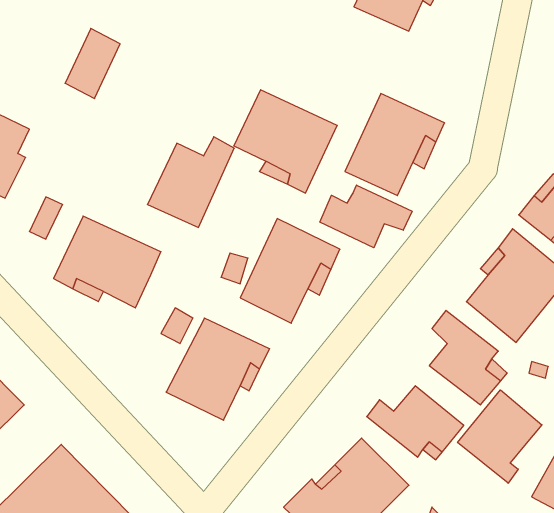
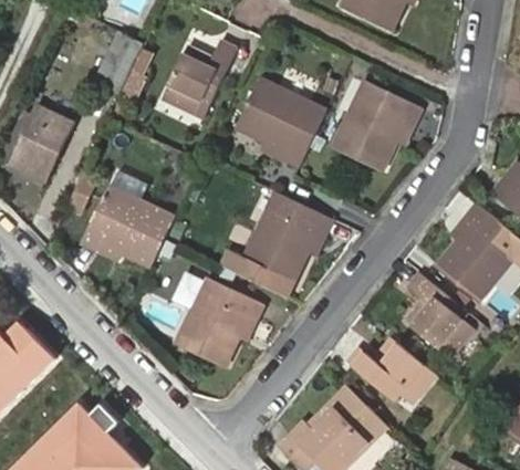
building: [147,137,234,227] -> [160,45,236,124]
building: [320,185,412,248] -> none
building: [458,390,542,483] -> none

